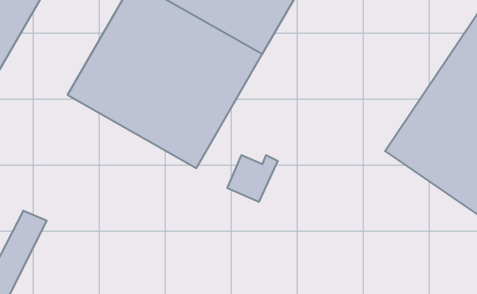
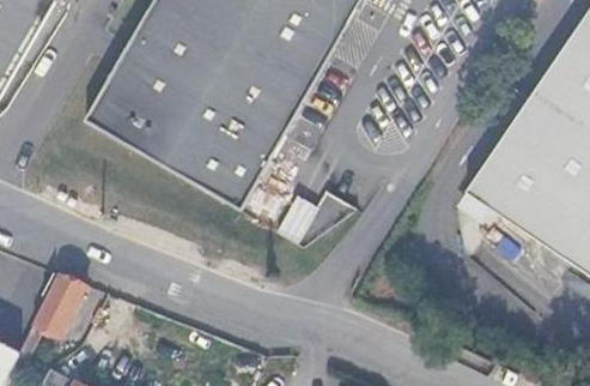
building: none -> [34,272,86,337]

